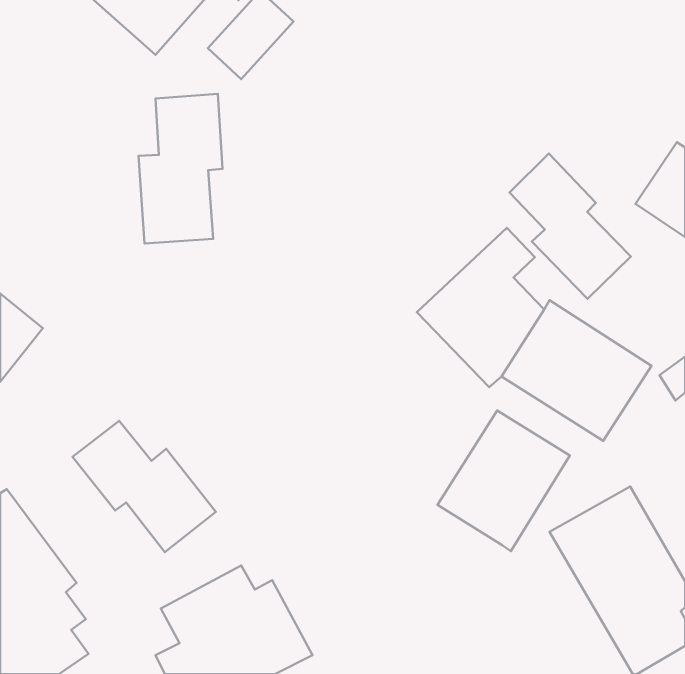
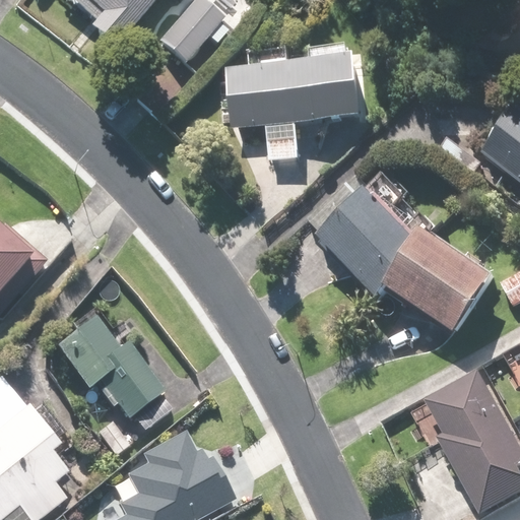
building: none -> [225,45,361,157]
building: [139,94,222,243] -> none
building: [510,154,631,299] -> none
building: [438,410,570,551] -> none

